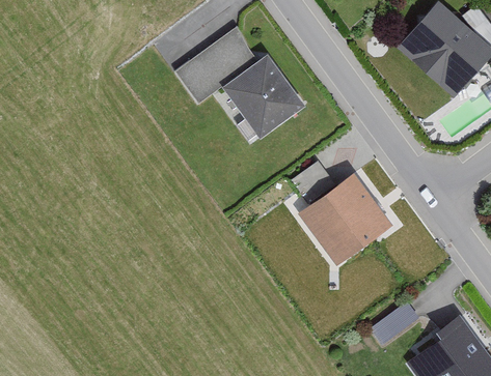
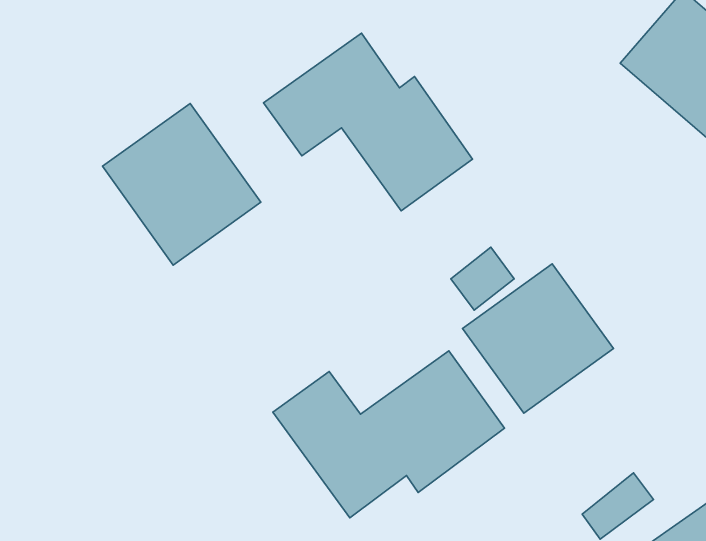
building: none -> [103,103,261,265]
building: none -> [273,351,505,518]

